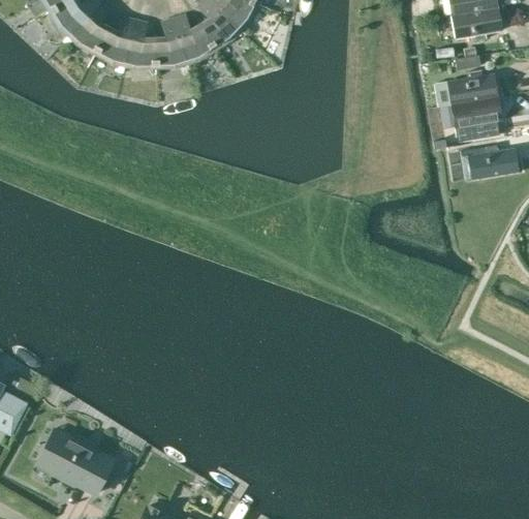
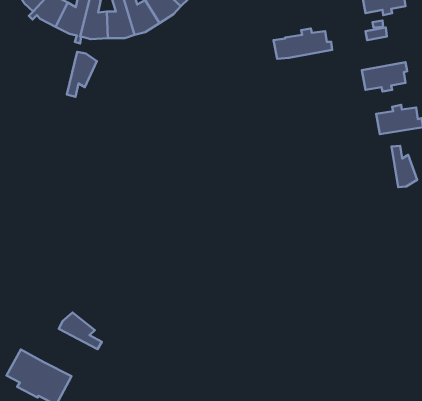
building: [433,69,501,104] -> [274,29,332,59]
building: none -> [67,52,97,97]
building: none -> [392,146,417,187]
building: none -> [59,312,102,349]

